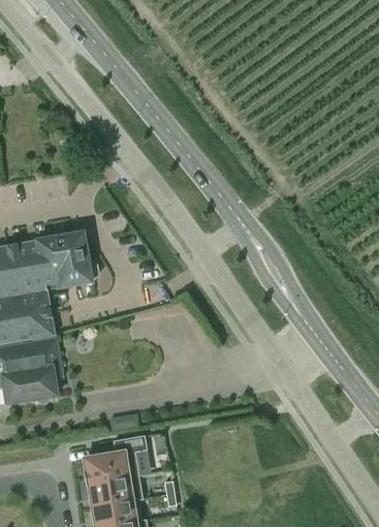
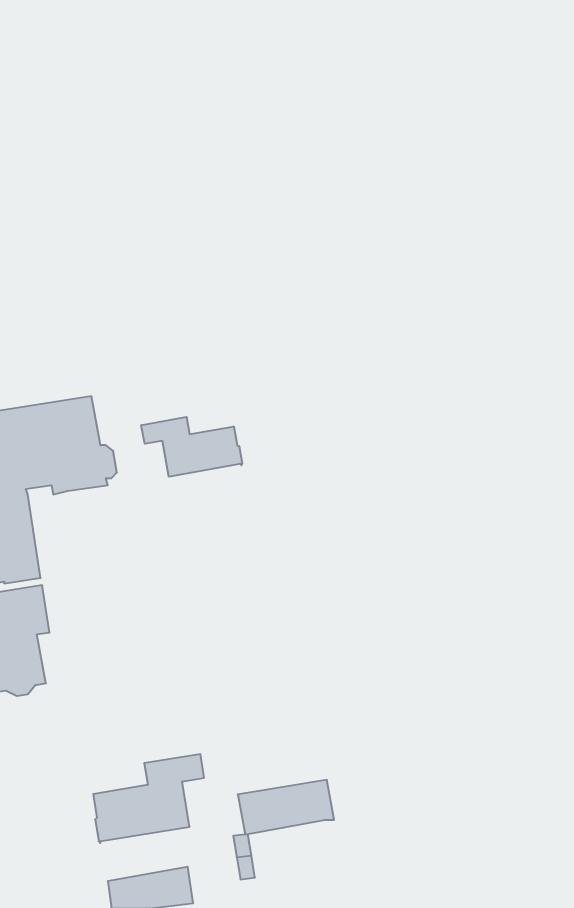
building: none -> [141,417,242,477]
building: [88,477,143,508] -> [238,780,334,834]

